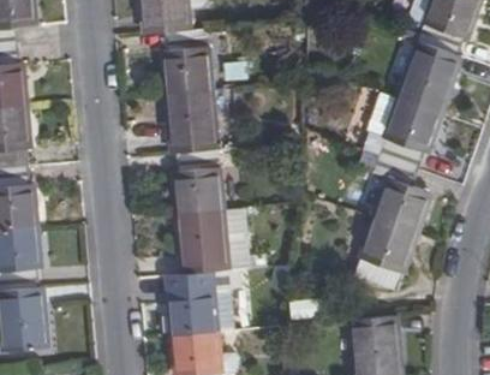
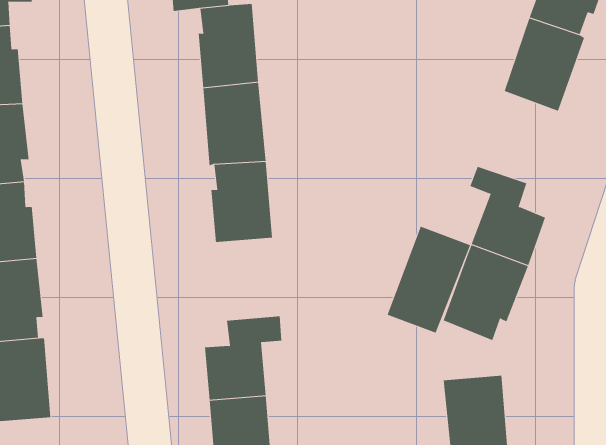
building: [378,96,441,167] -> none
building: none -> [387,226,471,334]
building: [177,209,227,274] -> none

